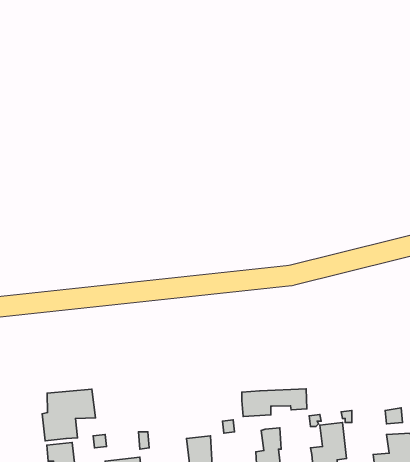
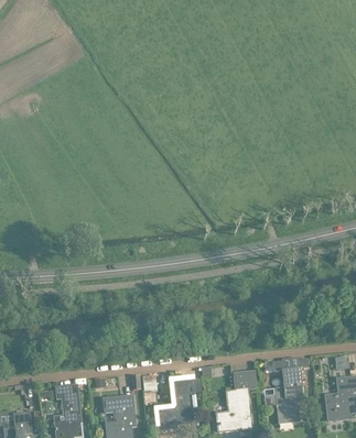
building: [242,389,307,416] -> none
building: [42,389,95,441] -> none

